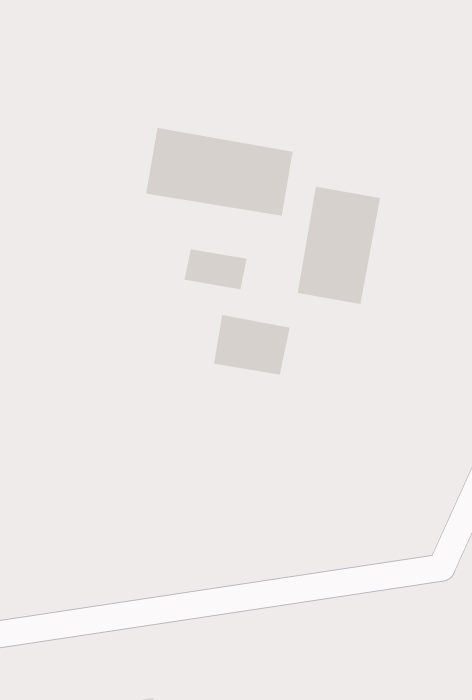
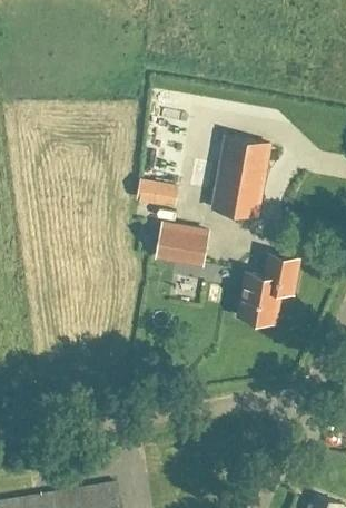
building: [146,127,293,217] -> none
building: none -> [239,256,299,325]

